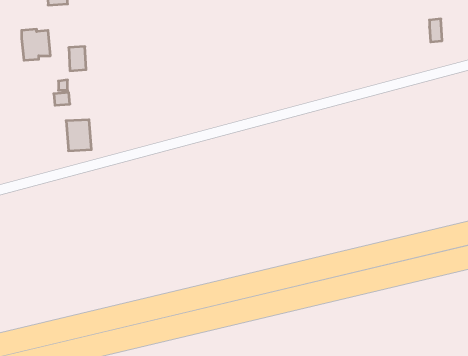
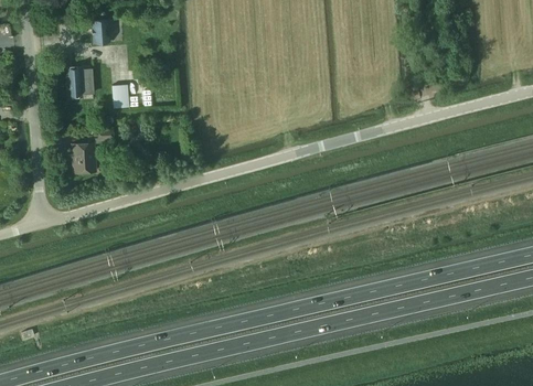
building: [66,120,91,151] -> [72,142,96,172]

